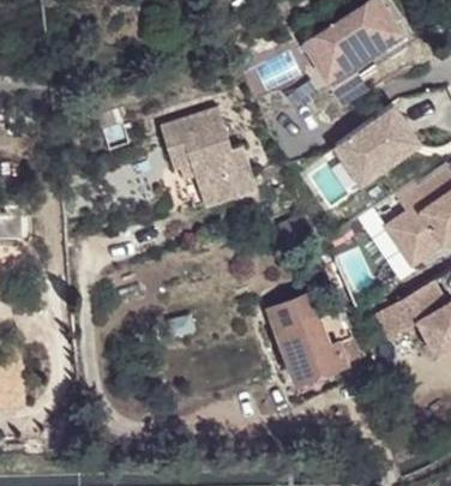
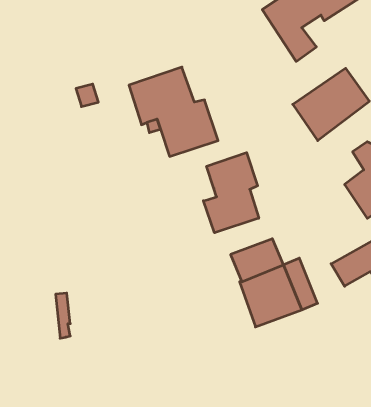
building: none -> [203,153,259,233]

